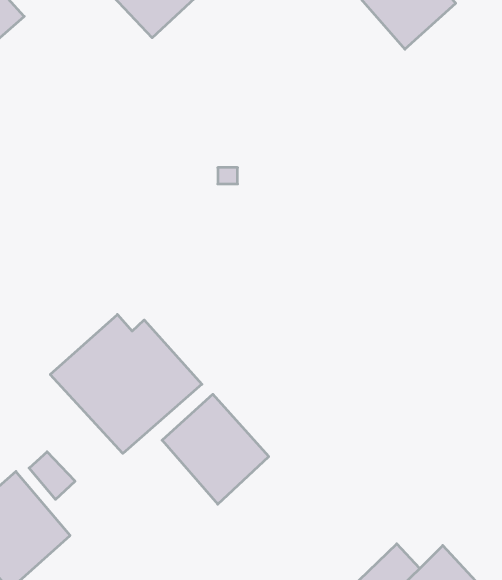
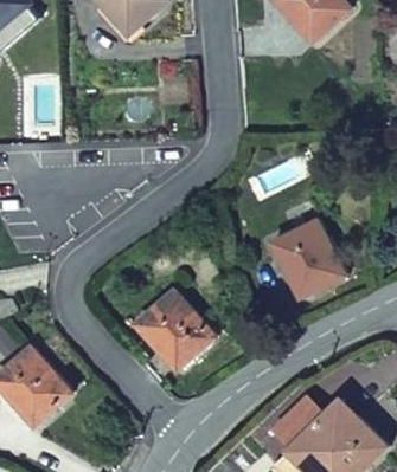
building: none -> [274,220,345,296]
building: [50,314,202,453] -> none

